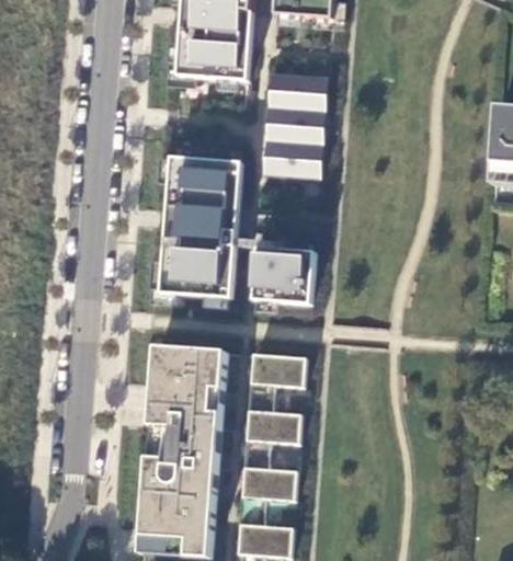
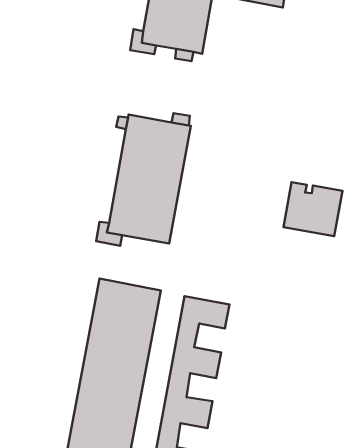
building: [260,72,322,179] -> none
building: [251,248,312,302] -> [283,182,342,236]

